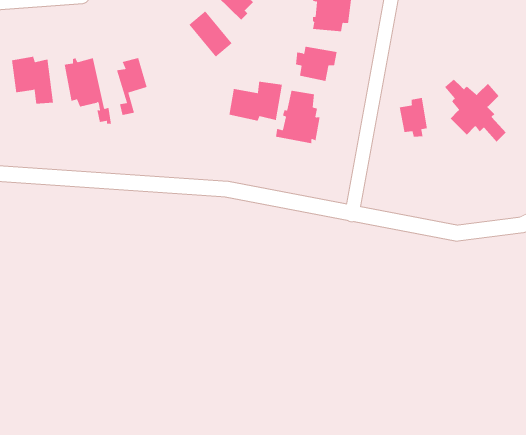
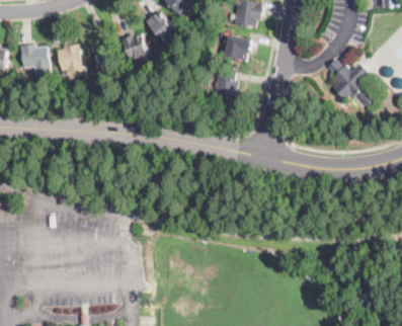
building: none -> [120,33,150,63]
building: [229,81,283,122] -> none
building: [399,97,428,138] -> none

